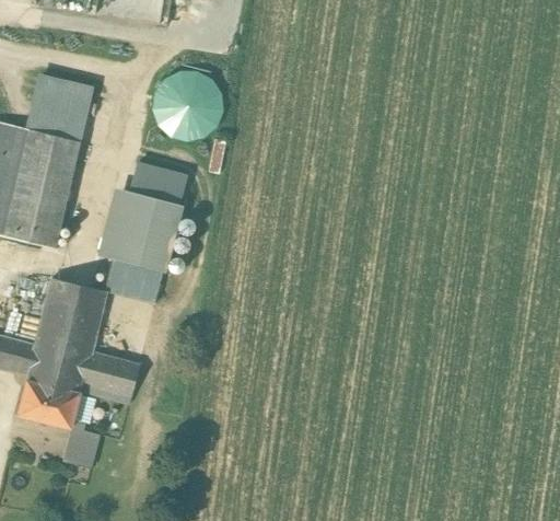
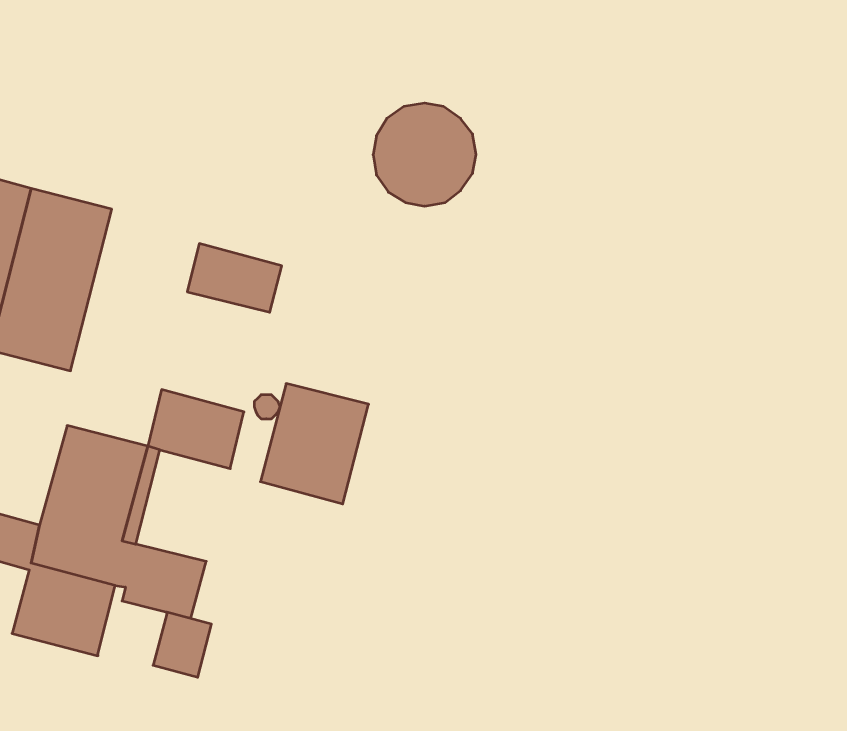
building: [155,74,221,140] -> [373,103,476,206]
building: [27,76,93,141] -> none
building: [110,194,179,270] -> [260,384,369,504]
building: [61,425,98,466] -> [153,612,211,677]

